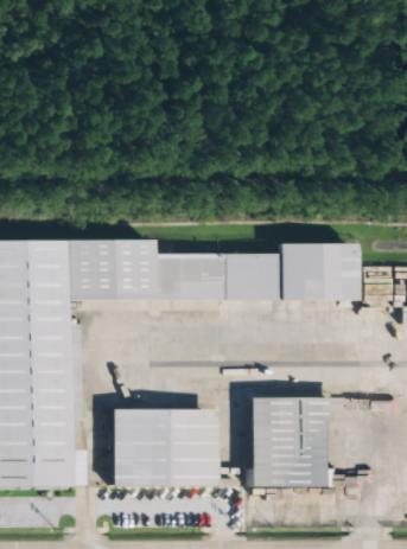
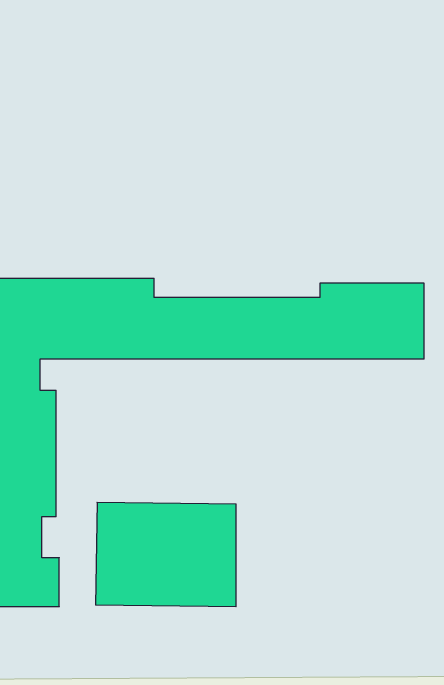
building: [243,396,336,487] -> none

